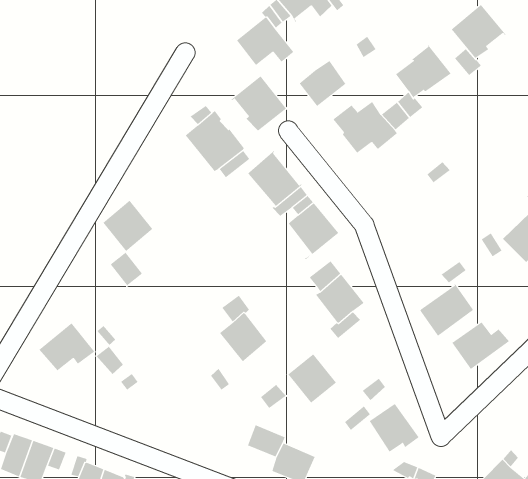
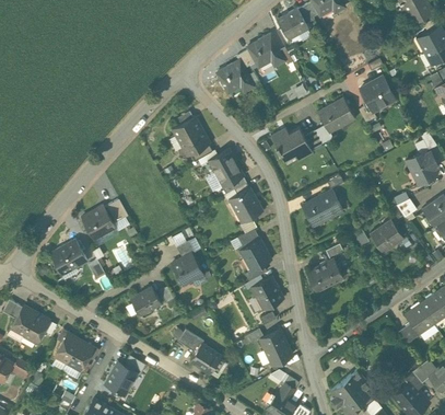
building: [299,60,346,107] -> none
building: [231,76,287,132] -> none
building: none -> [302,191,342,227]
building: [102,200,153,252] -> [82,206,115,240]
building: [451,322,510,370] -> none
building: [287,354,337,404] -> [251,277,283,310]
building: none -> [130,287,162,316]

